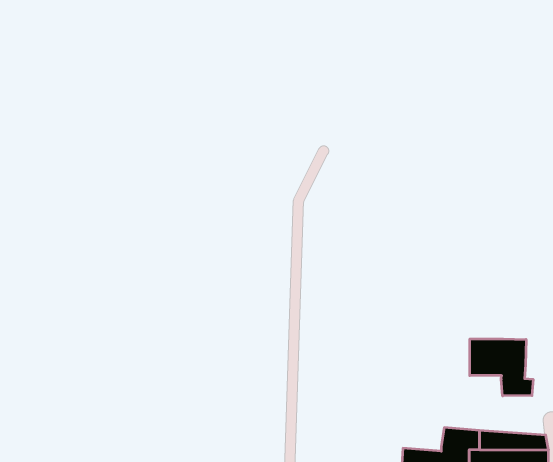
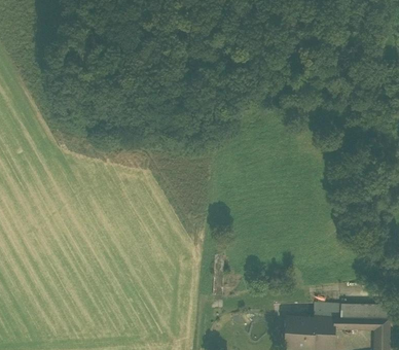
building: [470,339,533,396] -> none

